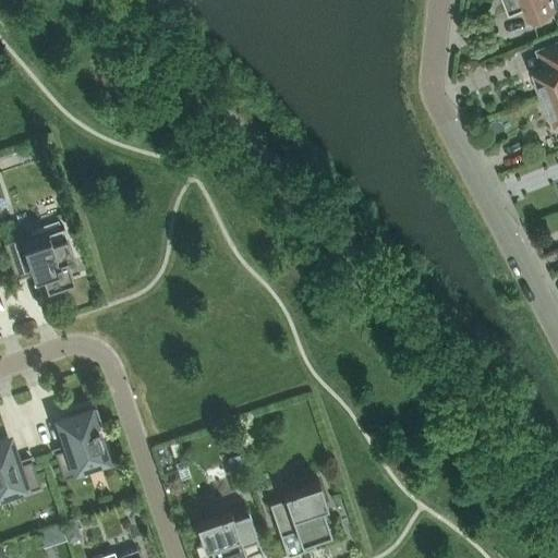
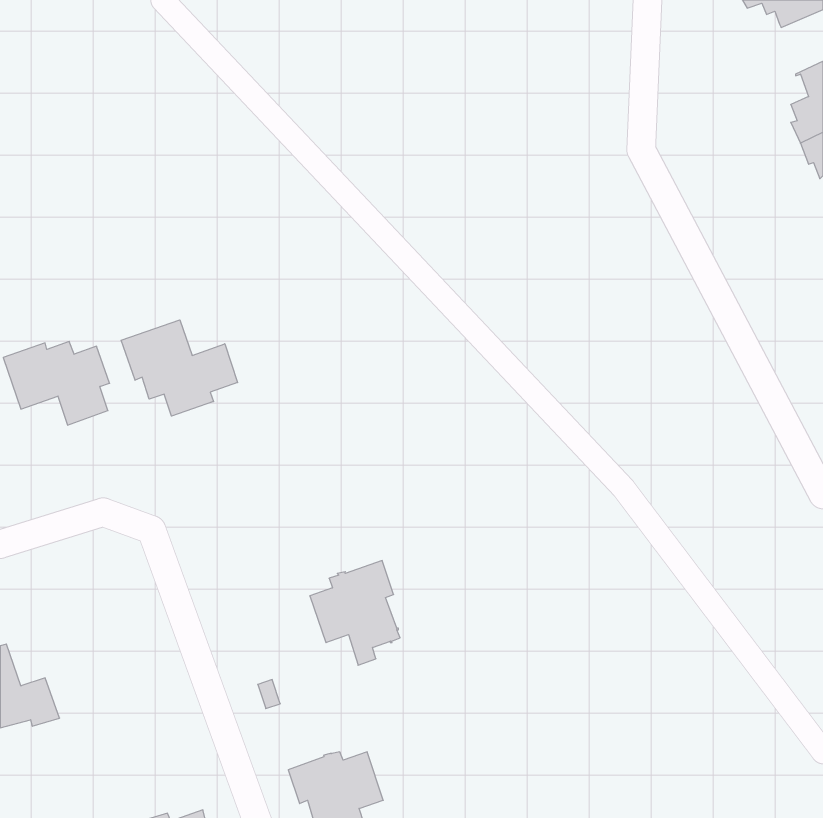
building: none -> [121,320,238,416]
building: [54,408,107,481] -> none
building: [269,482,330,553] -> [310,561,400,665]

